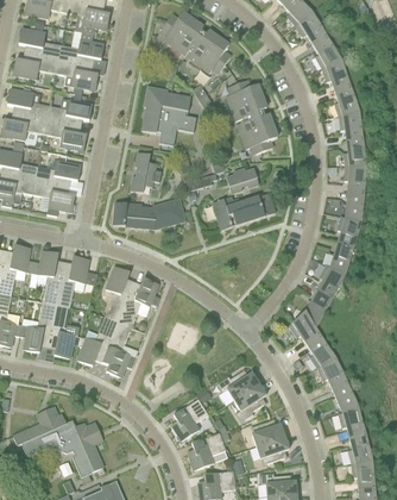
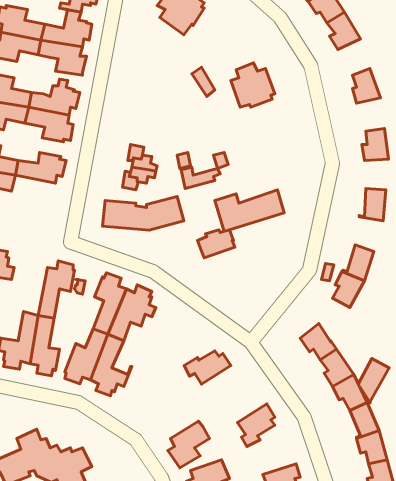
building: [188,31,231,74] -> none
building: [322,58,351,90] -> none
building: [141,88,196,145] -> none
building: [339,111,364,140] -> none
building: [238,112,277,154] -> none
building: [345,165,367,193] -> none
building: [226,168,259,193] -> [197,230,235,258]
building: [32,180,75,215] -> none
building: [338,217,363,248] -> none
building: [32,251,64,305] -> none
building: [305,289,333,329] -> [358,359,389,403]
building: [218,370,259,400] -> [184,351,231,384]
building: [252,419,285,446] -> none

